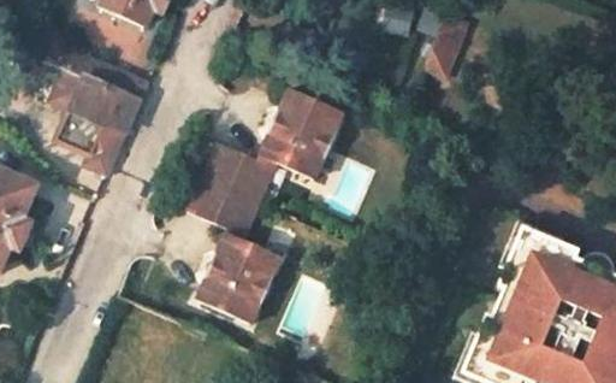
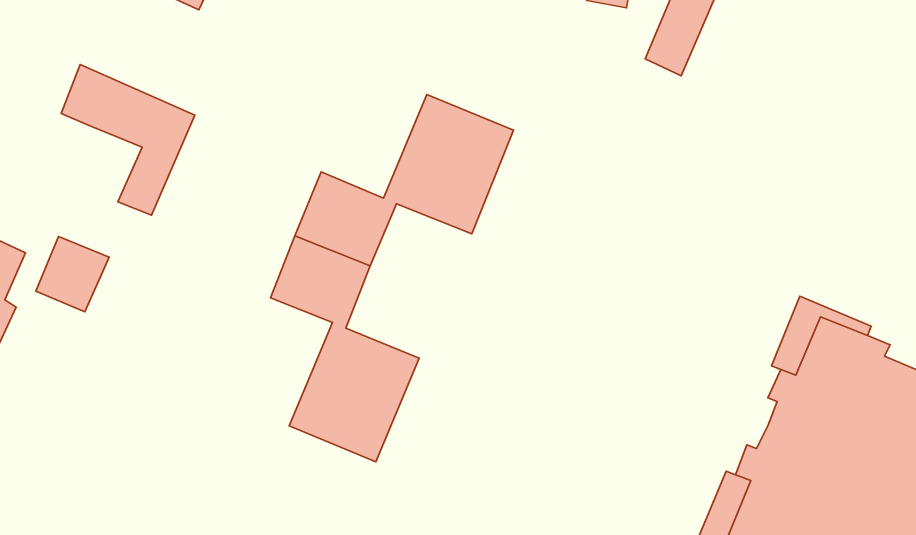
building: [58,110,105,158] -> [36,237,109,312]

